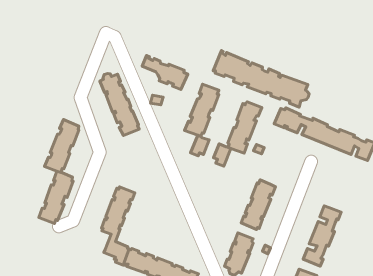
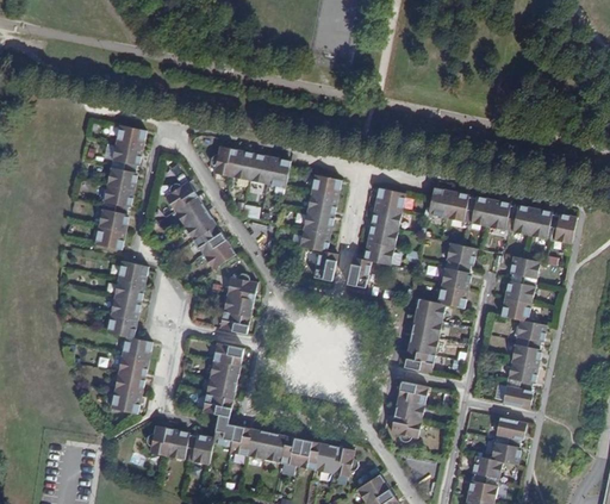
building: none -> [94,124,145,248]
building: [213,50,309,107] -> none
building: none -> [210,145,250,180]
building: none -> [220,273,257,334]
building: none -> [436,242,477,307]
building: none -> [500,254,540,321]
building: none -> [145,425,214,463]

